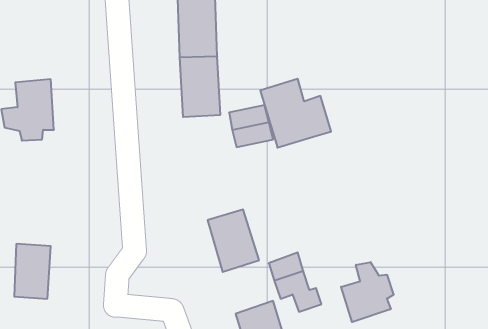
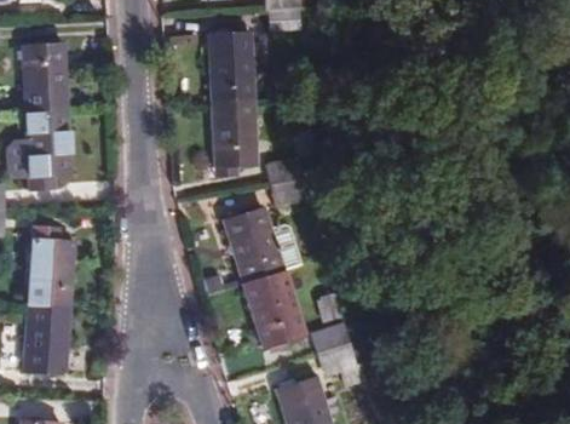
building: none -> [21,59,67,128]
building: [260,79,331,148] -> [224,206,304,283]
building: none -> [28,242,70,313]
building: [341,262,394,322] -> none

